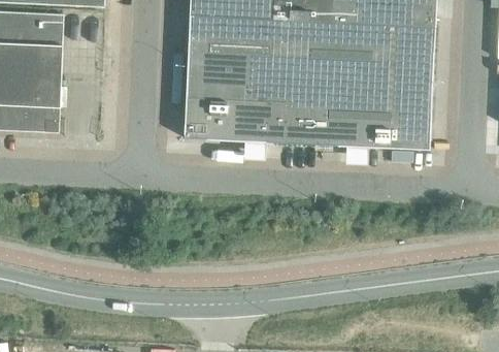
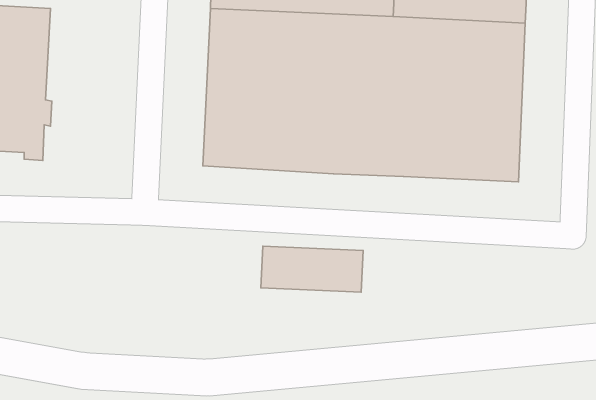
building: none -> [261,246,363,292]

